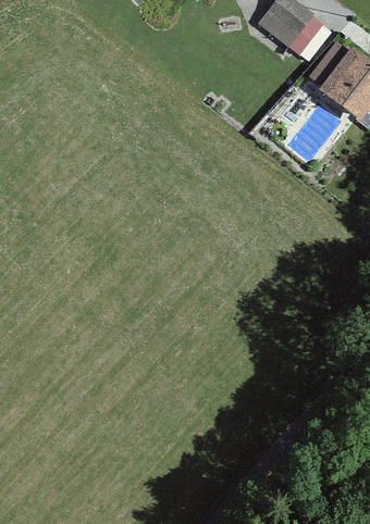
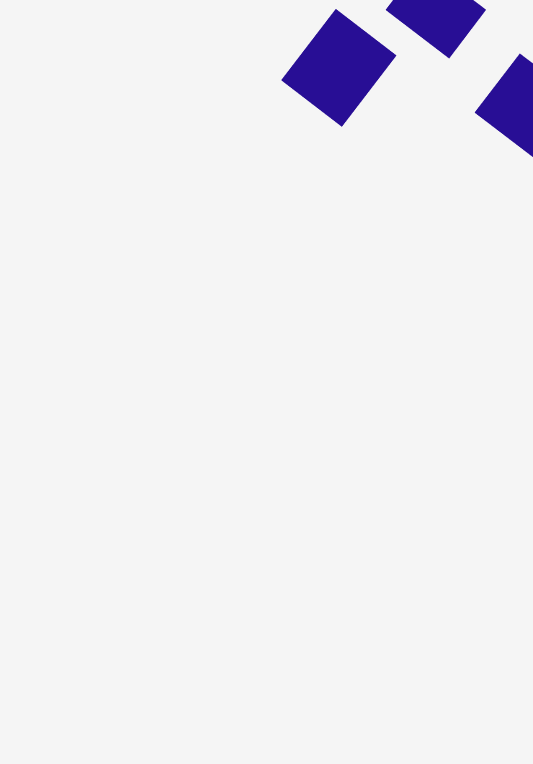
building: none -> [280,8,397,128]

